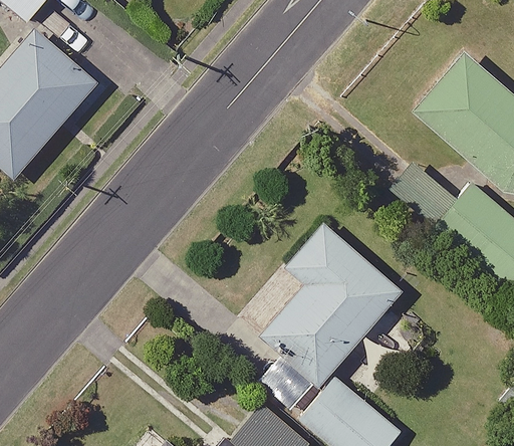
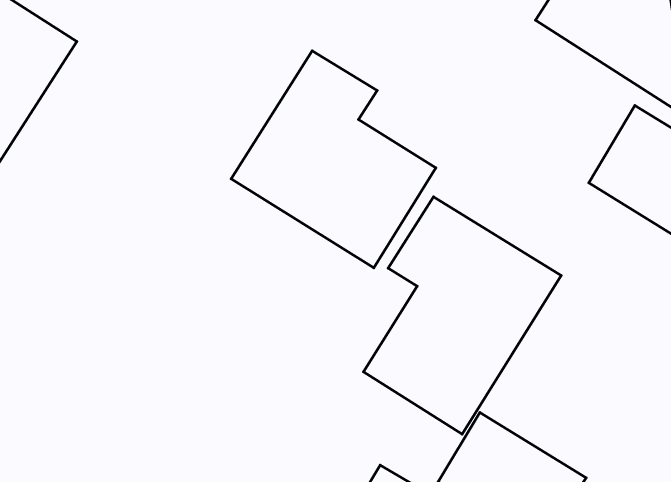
building: none -> [231,51,436,268]

